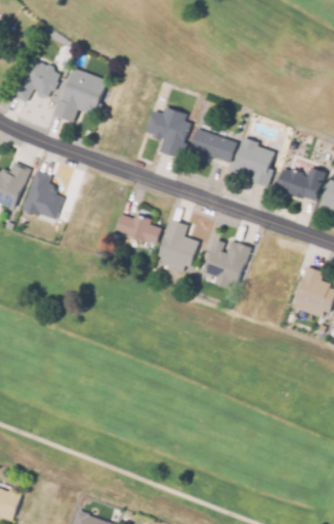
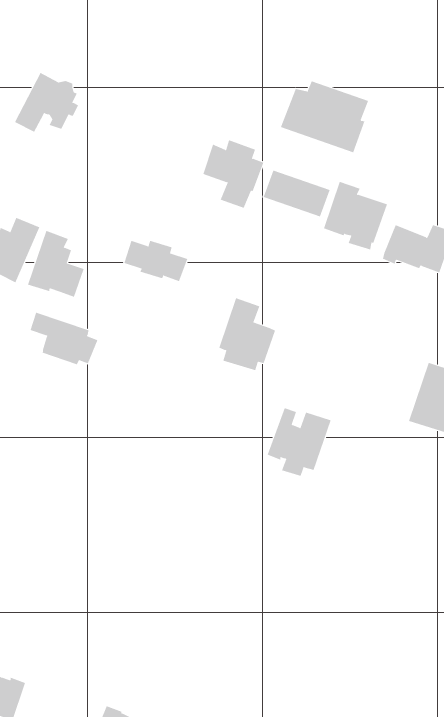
building: none -> [280,81,369,153]
building: [52,68,108,121] -> none
building: [115,214,161,244] -> [124,240,188,282]
building: none -> [30,312,98,365]
building: [203,238,249,288] -> [267,407,331,476]

